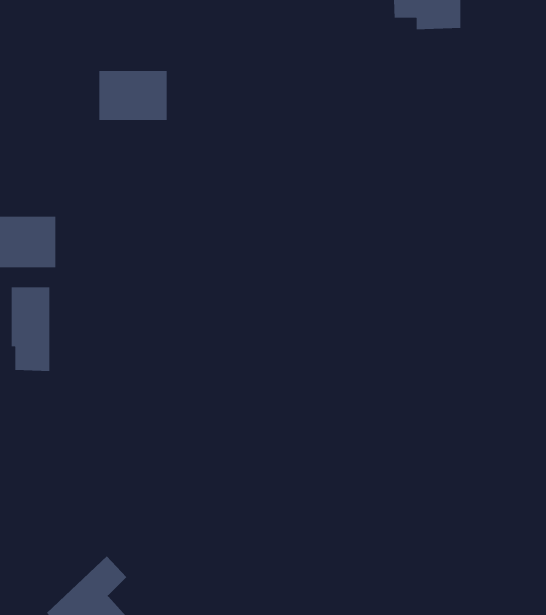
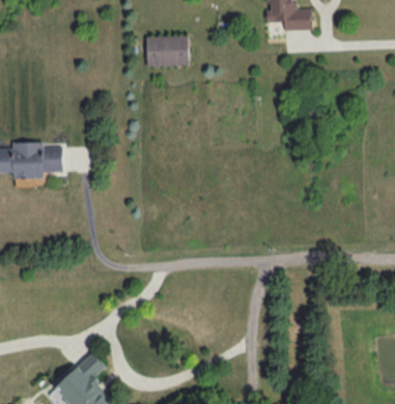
building: [98,70,168,121] -> [145,35,188,66]
building: [11,287,50,372] -> none

